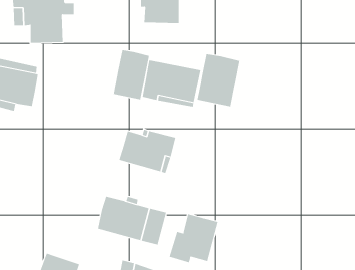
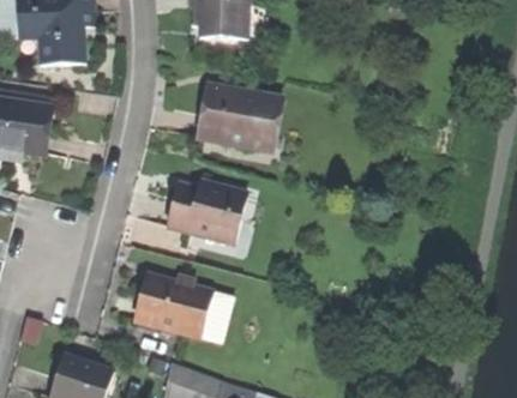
building: [113,49,150,101] -> none
building: [197,53,240,107] -> none
building: [169,214,218,263] -> none

